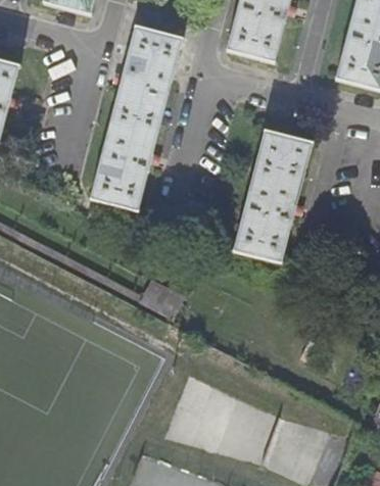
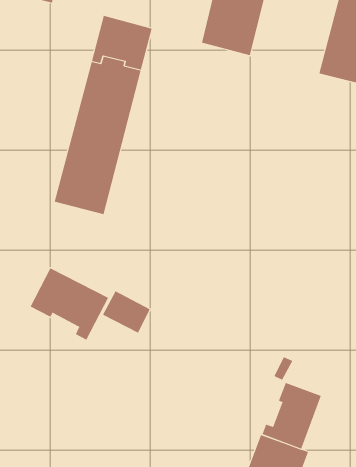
building: [234,130,312,261] -> none
building: none -> [30,268,109,341]
building: none -> [262,382,322,449]

